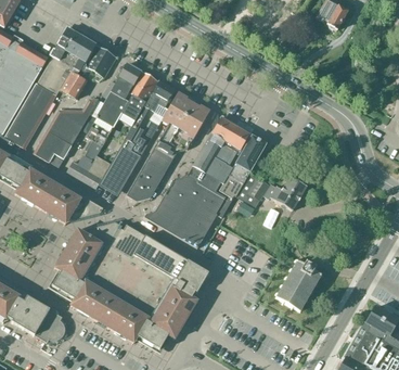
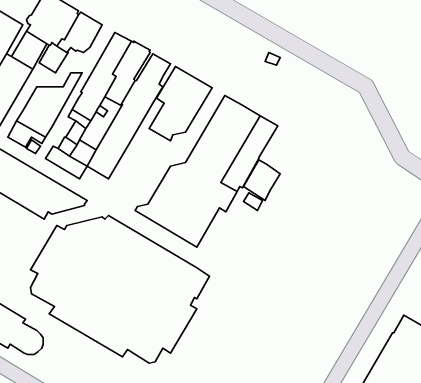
building: [126,145,173,201] -> none
building: [261,176,306,209] -> none
building: [274,259,322,310] -> none

